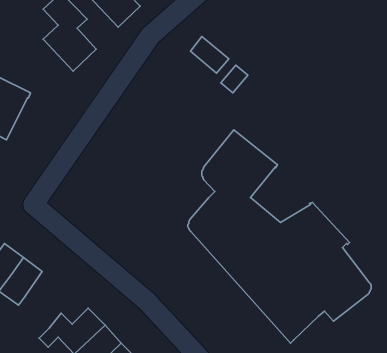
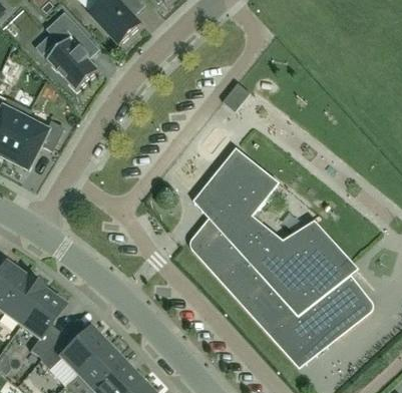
building: [190,36,229,73] -> none
building: none -> [7,115,64,168]
building: none -> [19,290,63,357]

